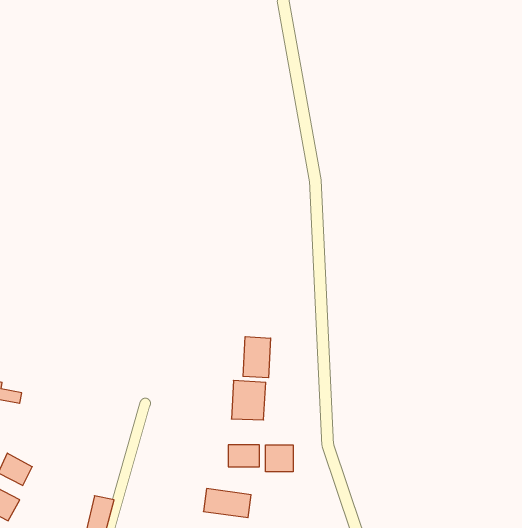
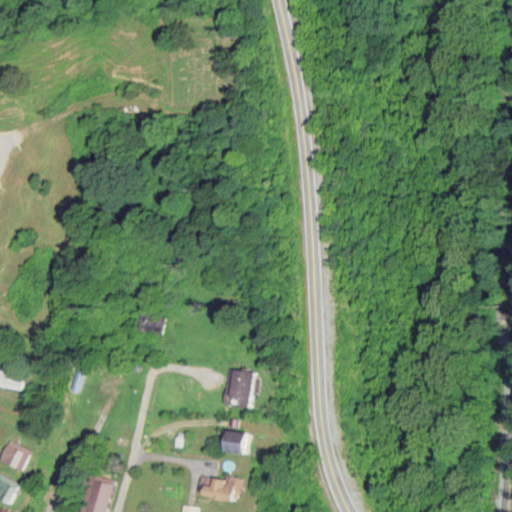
building: [243,337,271,378] -> none
building: [266,445,293,472] -> none

